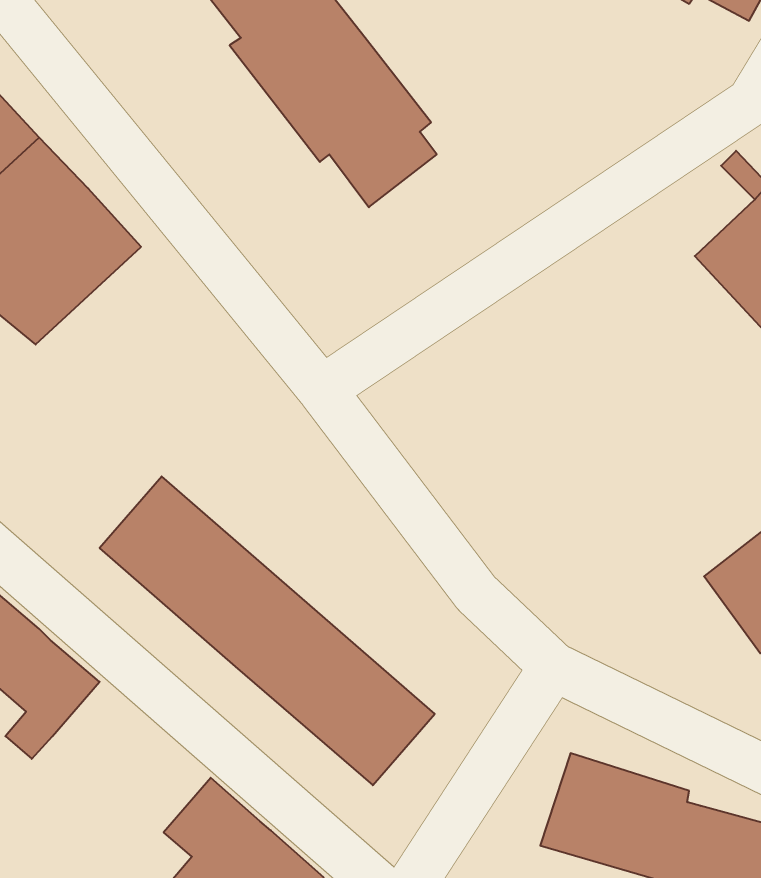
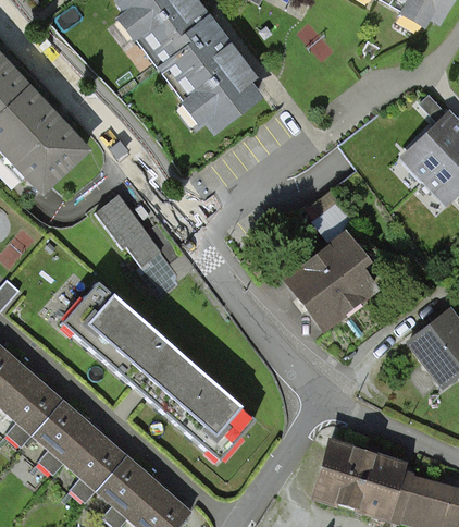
building: none -> [96,193,182,297]
building: none -> [289,200,386,324]
building: none -> [35,400,126,500]

